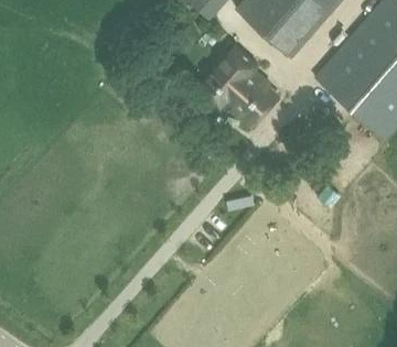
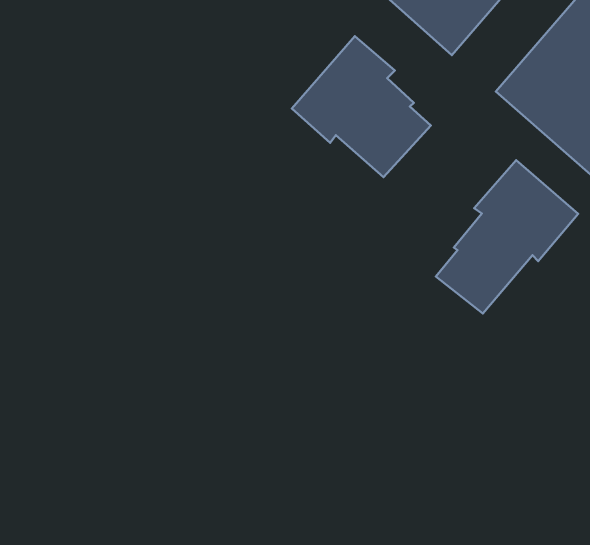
building: none -> [436,160,578,313]

